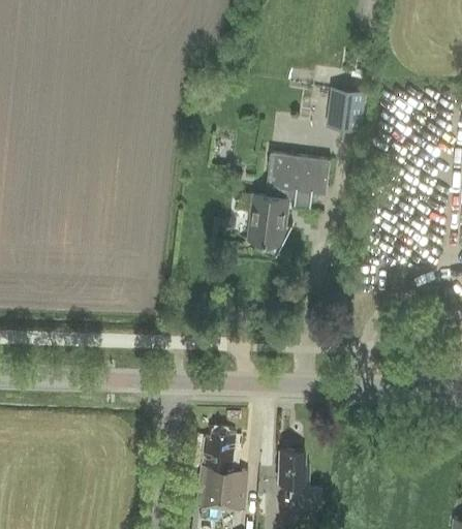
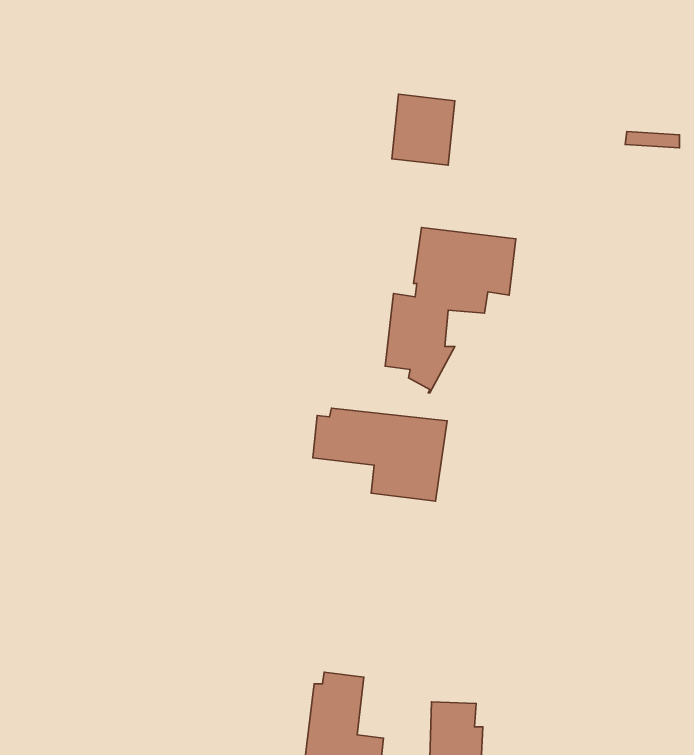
building: [326,87,365,131] -> [392,94,455,165]
building: none -> [313,408,447,501]

